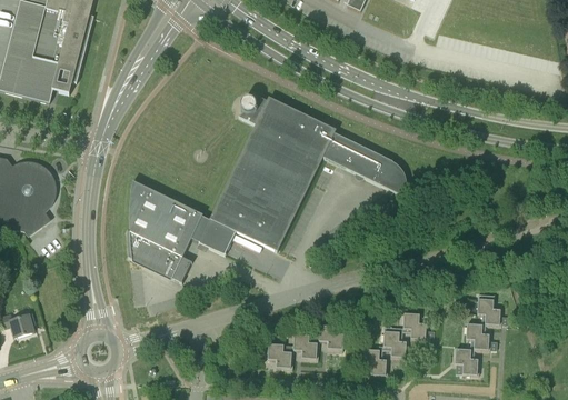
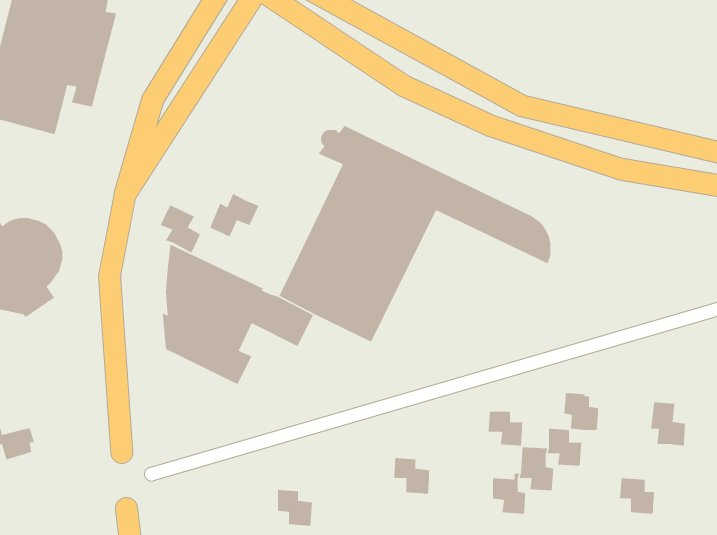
building: none -> [209,193,259,237]
building: none -> [160,204,201,254]
building: [465,322,490,350] -> [564,392,599,431]
building: [317,324,342,350] -> [488,411,523,446]
building: [267,342,292,369] -> [277,489,313,526]

